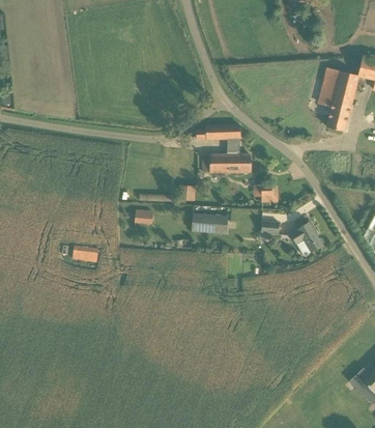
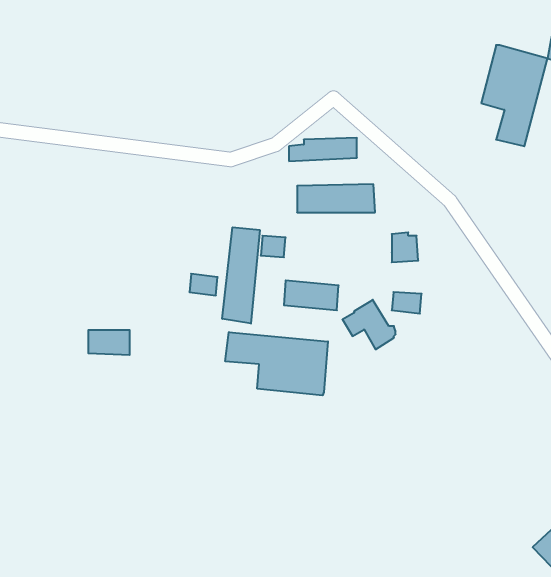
building: none -> [222,227,260,324]
building: [290,222,323,253] -> [342,300,396,349]
building: none -> [225,332,328,395]

